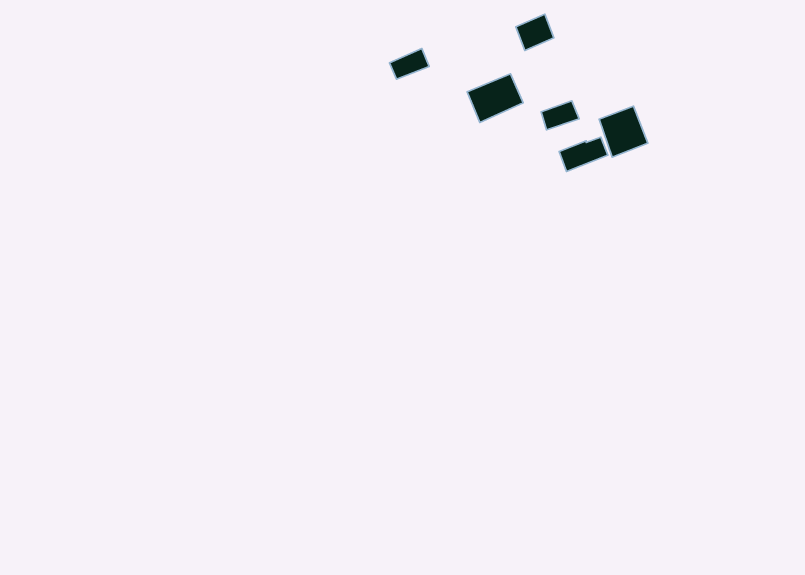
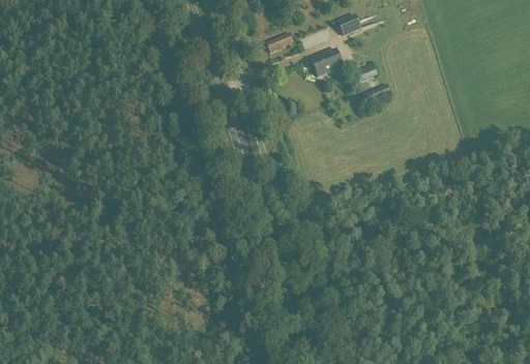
building: [599,106,648,157] -> none

